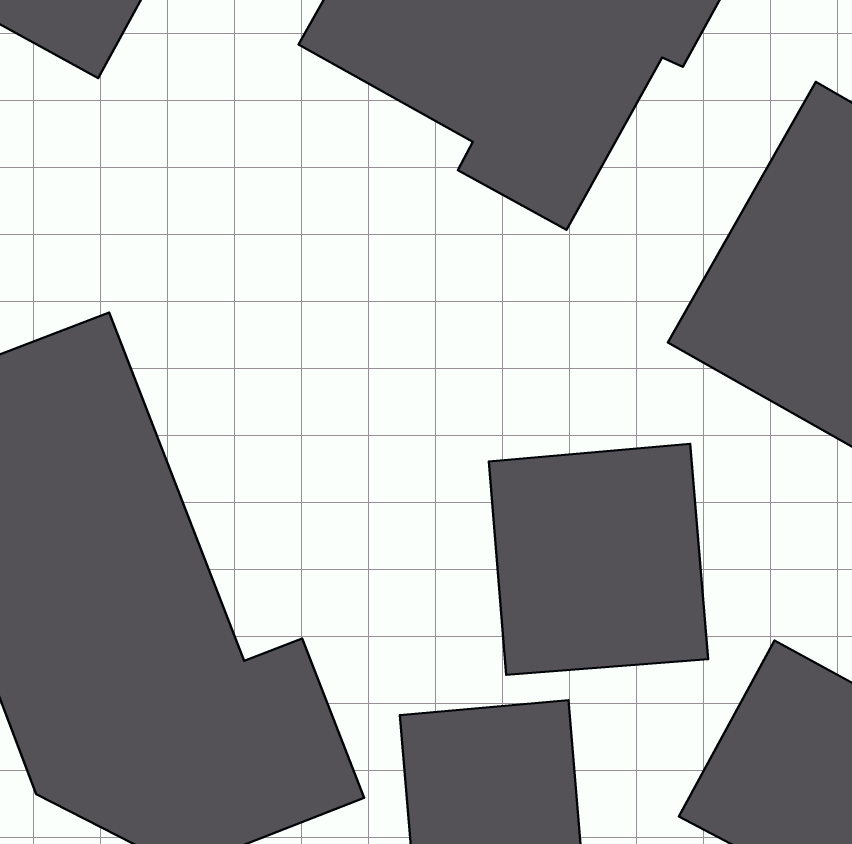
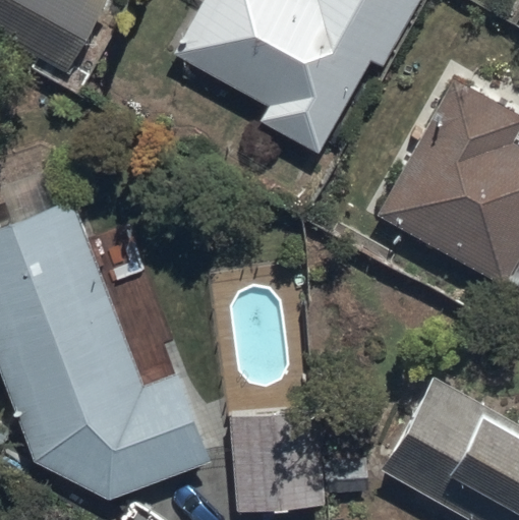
building: [489,444,708,675] -> none

